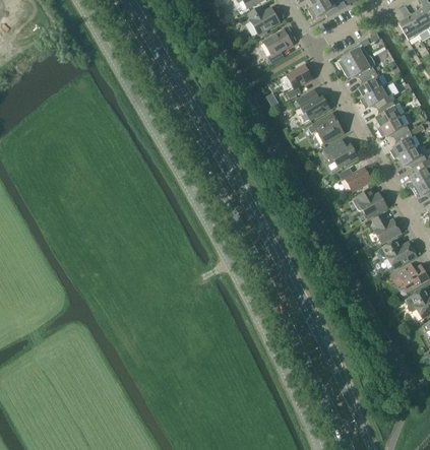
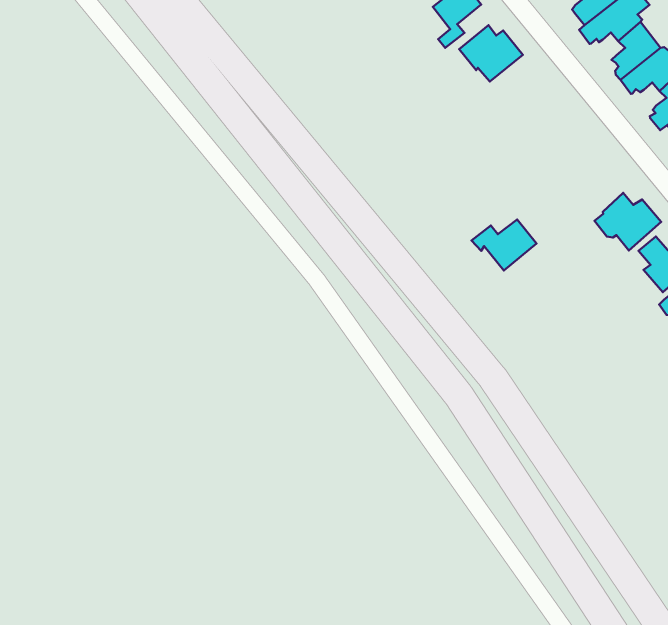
building: [308,113,344,143] -> none
building: [322,139,358,168] -> none
building: [339,167,372,192] -> [472,219,537,270]

